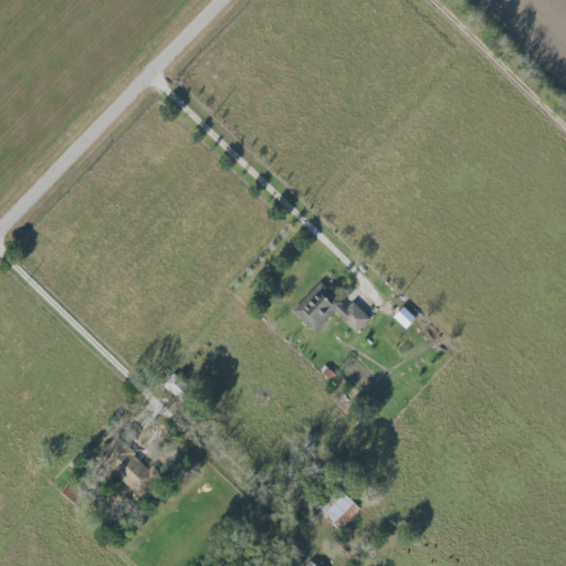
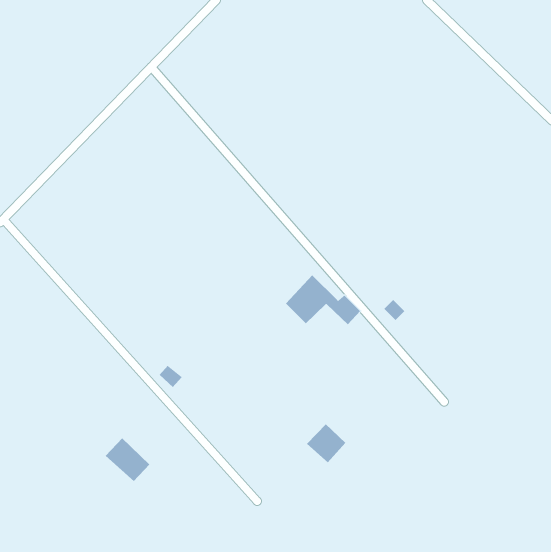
building: [319,489,360,530] -> [306,423,346,463]

